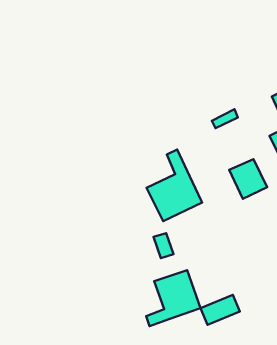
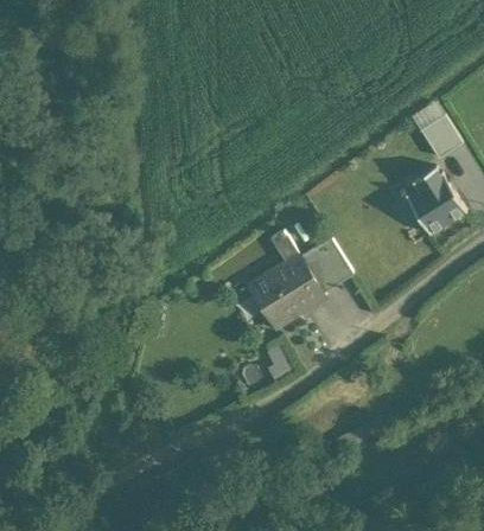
building: [229,159,267,199] -> [299,238,352,293]
building: [146,270,200,326] -> none

